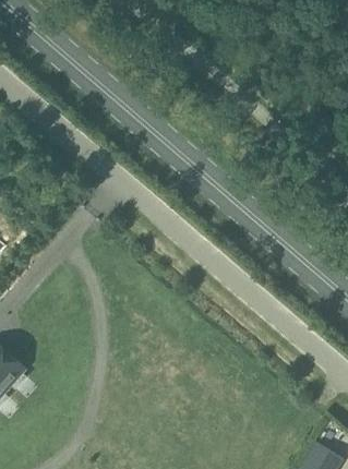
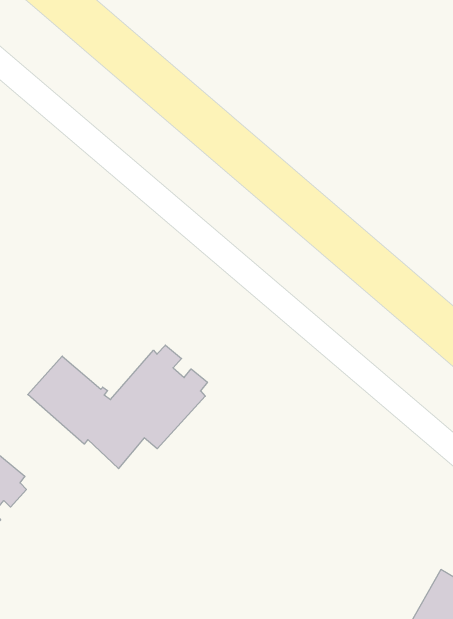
building: none -> [28,345,207,469]

